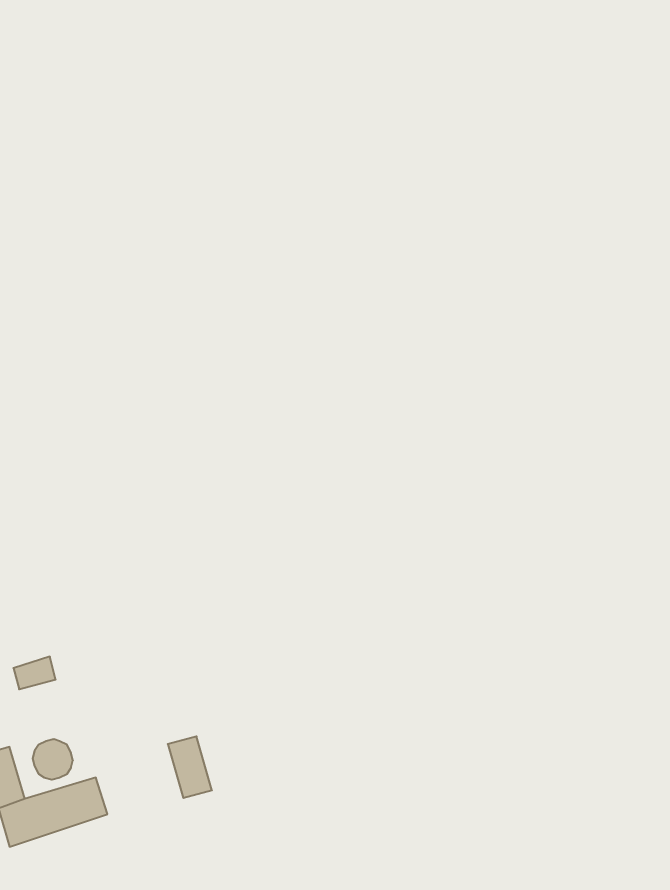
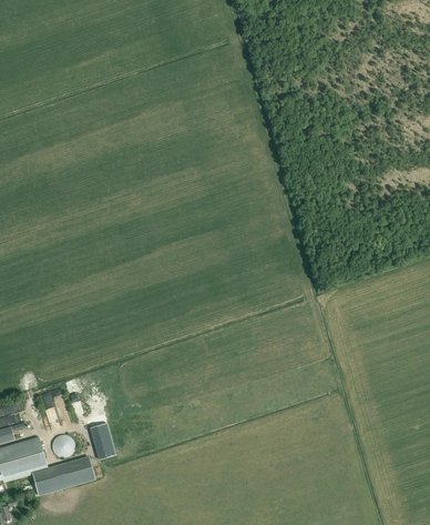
building: [168,736,212,798] -> [90,423,115,458]

